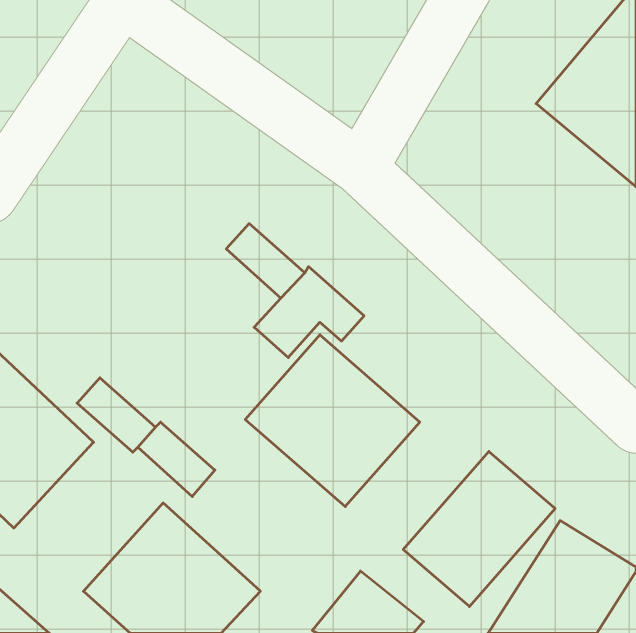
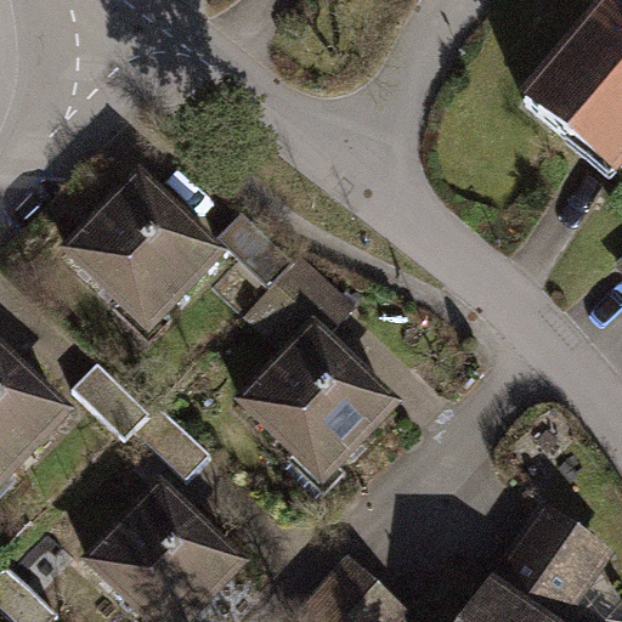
building: none -> [64,175,232,341]
building: [403,451,555,607] -> none

